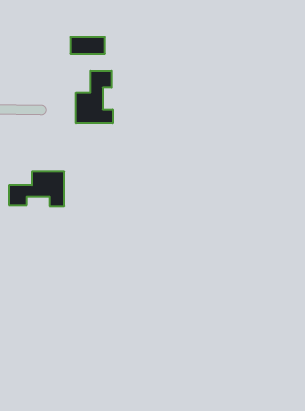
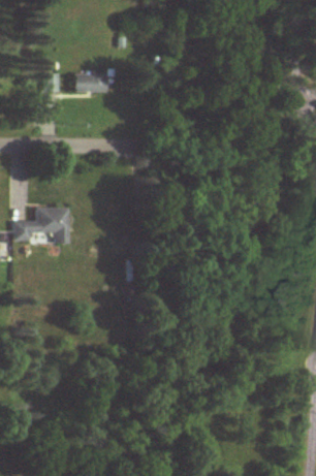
building: [76,71,113,123] -> none

